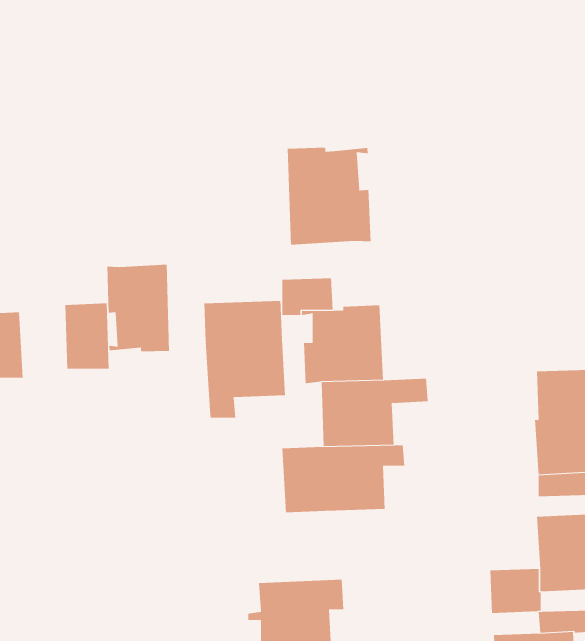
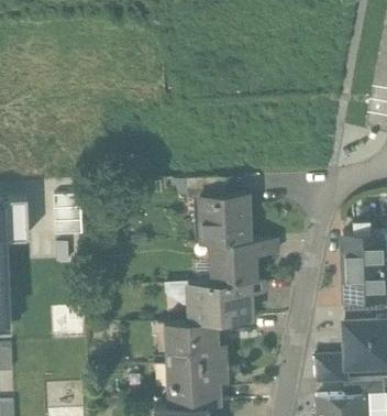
building: [287,147,371,245] -> none
building: [107,264,169,352] -> none
building: [204,300,285,419] -> none
building: none -> [170,324,224,368]

